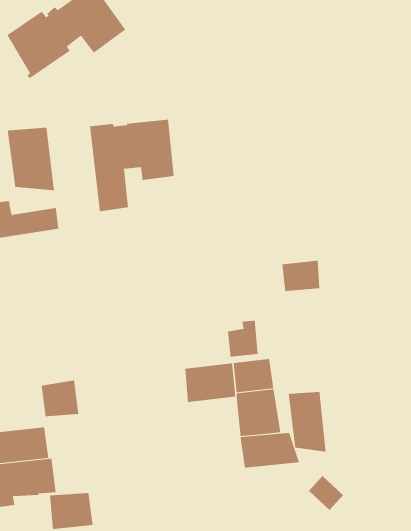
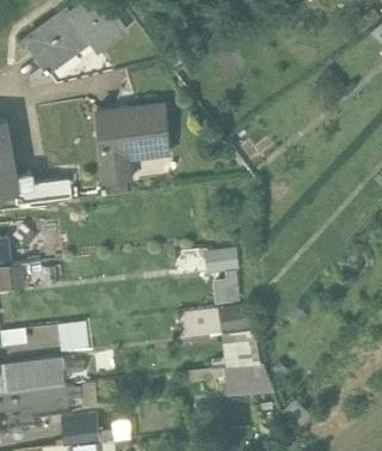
building: [7,127,54,191] -> none
building: [282,260,320,291] -> [204,249,236,275]
building: [288,391,326,452] -> none

